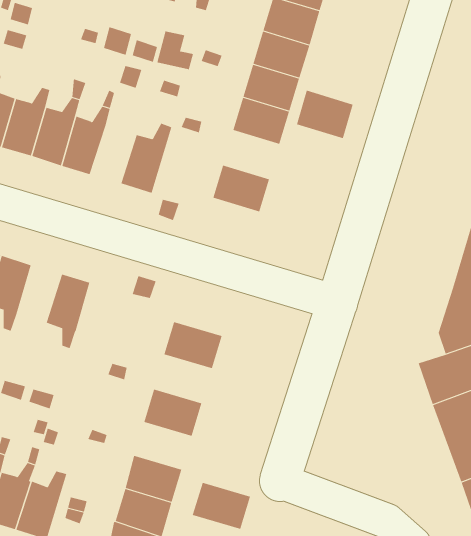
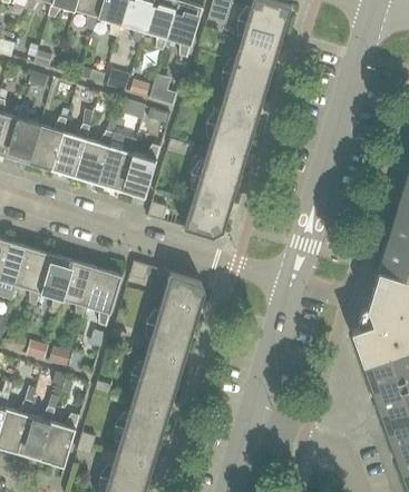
building: [296,90,354,139] -> [199,150,244,188]
building: none -> [97,138,136,191]
building: none -> [184,203,228,239]
building: none -> [40,255,75,313]
building: none -> [86,268,121,327]
building: none -> [162,273,207,309]
building: none -> [146,324,192,362]
building: [192,482,251,530] -> [130,376,176,413]

